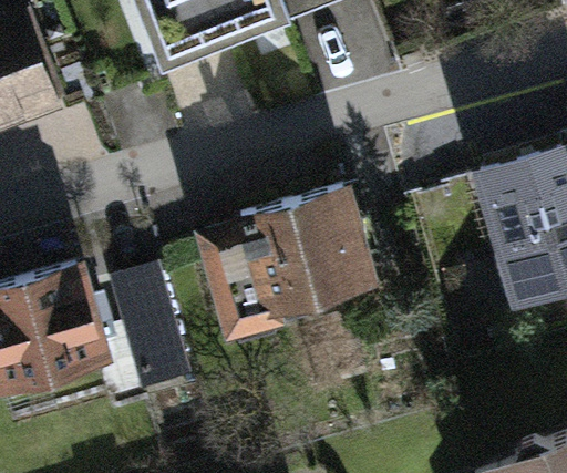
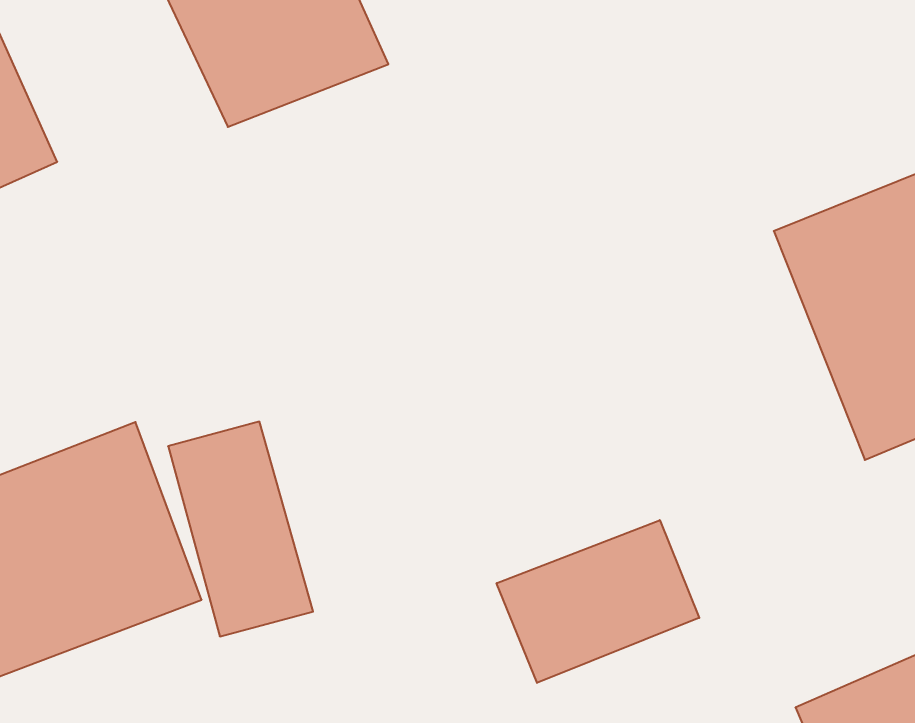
building: [200,184,388,337] -> none
building: none -> [497,520,699,683]

